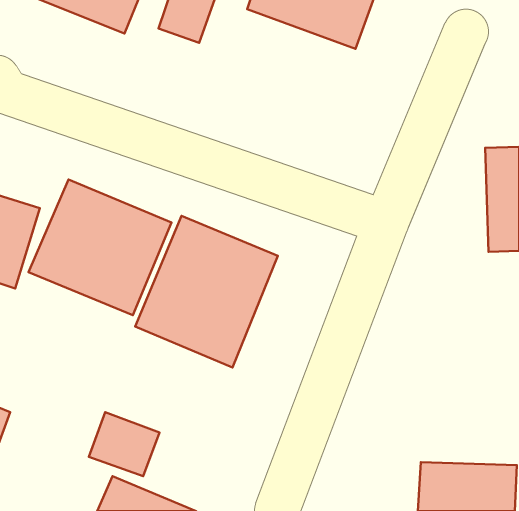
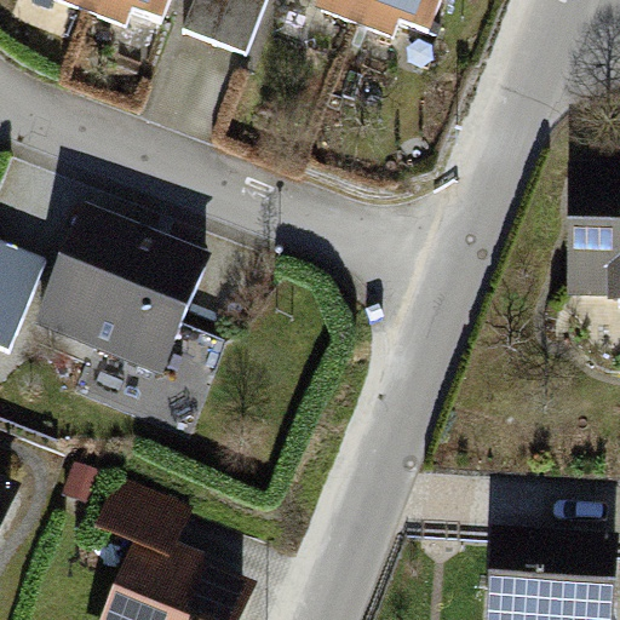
building: [135,216,278,367] -> none

